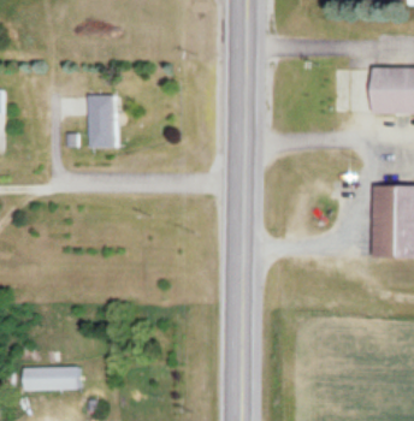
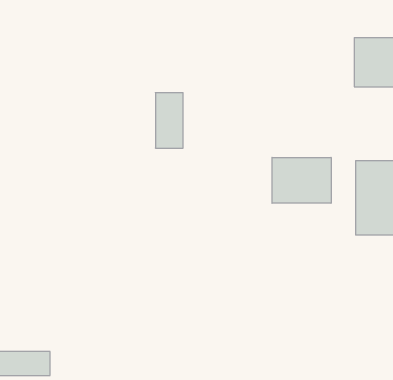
building: [88,95,114,148] -> [155,93,183,148]
building: none -> [272,157,331,203]

